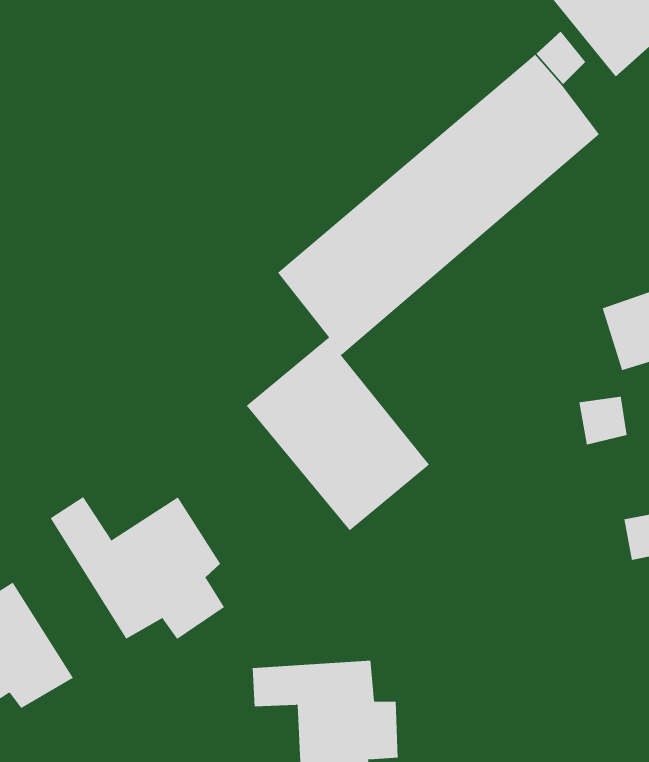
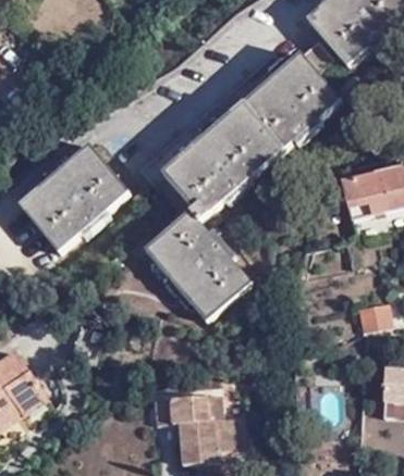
building: none -> [22,143,128,247]
building: [50,496,225,640] -> none

